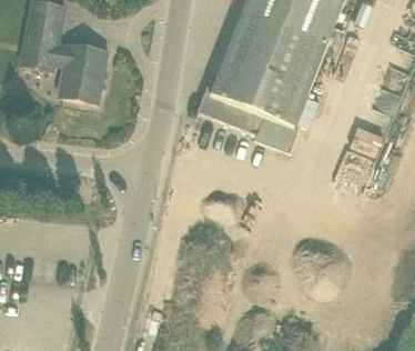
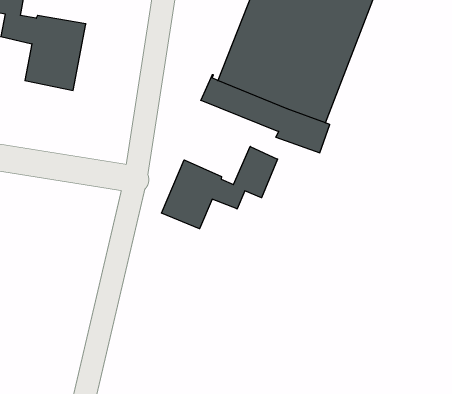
building: none -> [161,146,278,229]

